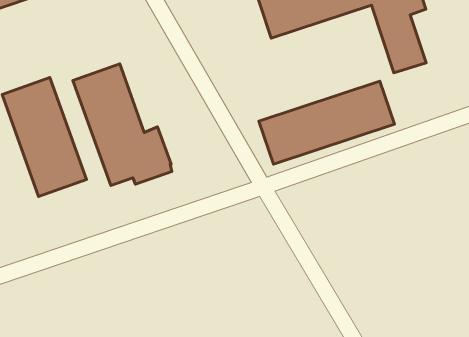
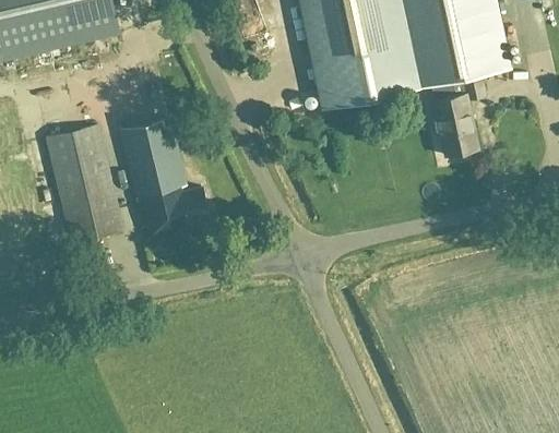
building: [259,81,394,164] -> none

